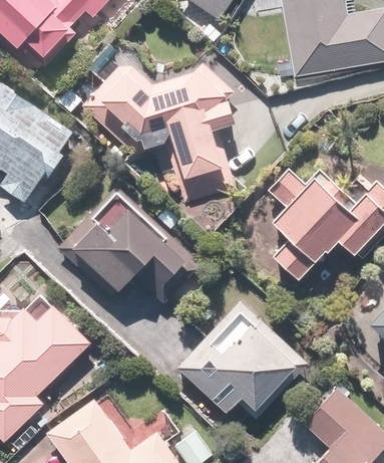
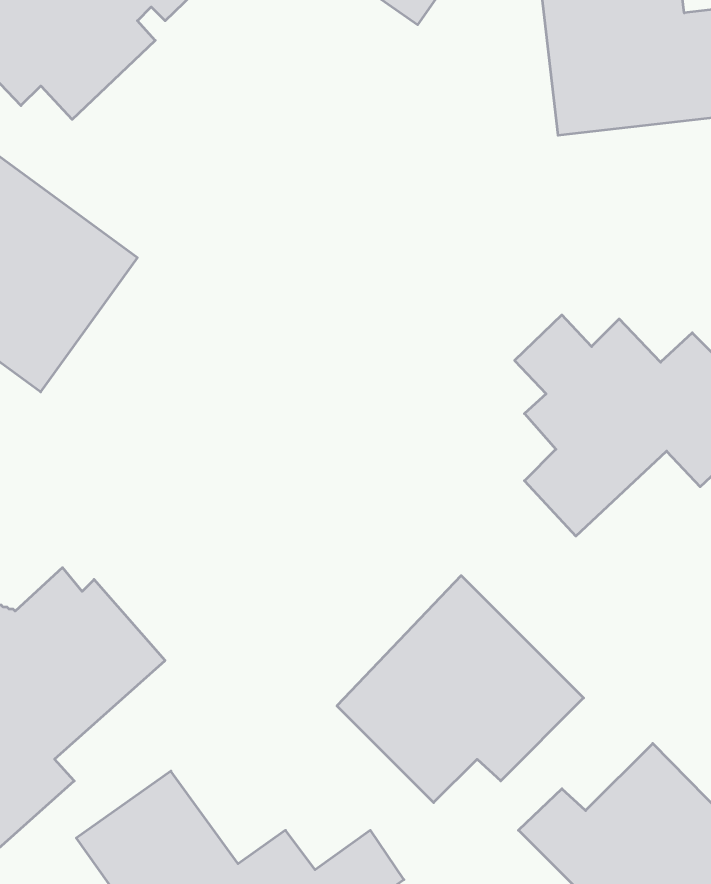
building: [81,61,239,202] -> none
building: [73,192,197,303] -> none

